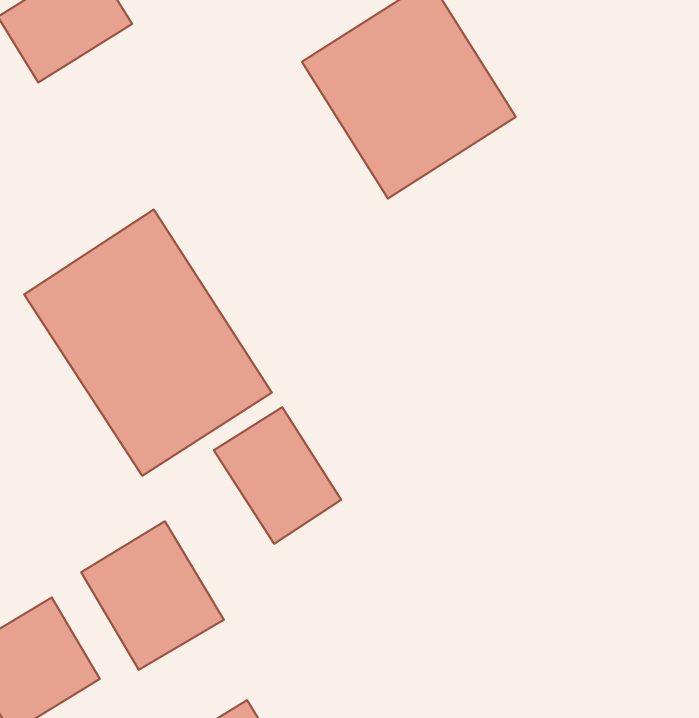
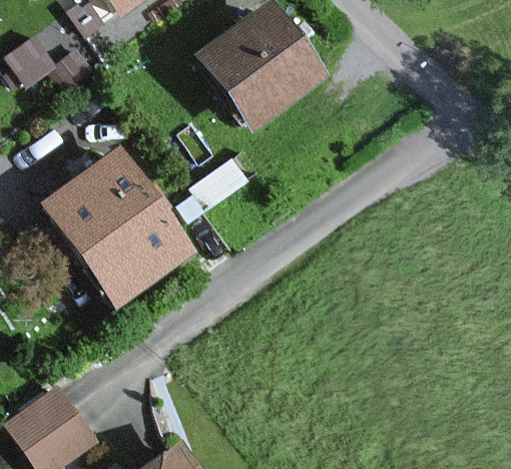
building: [214,407,341,544] -> none
building: [81,521,224,670] -> none

